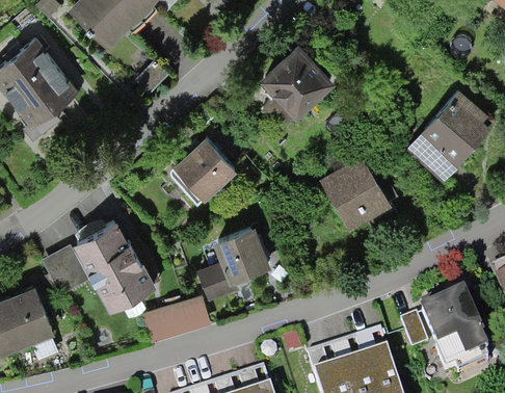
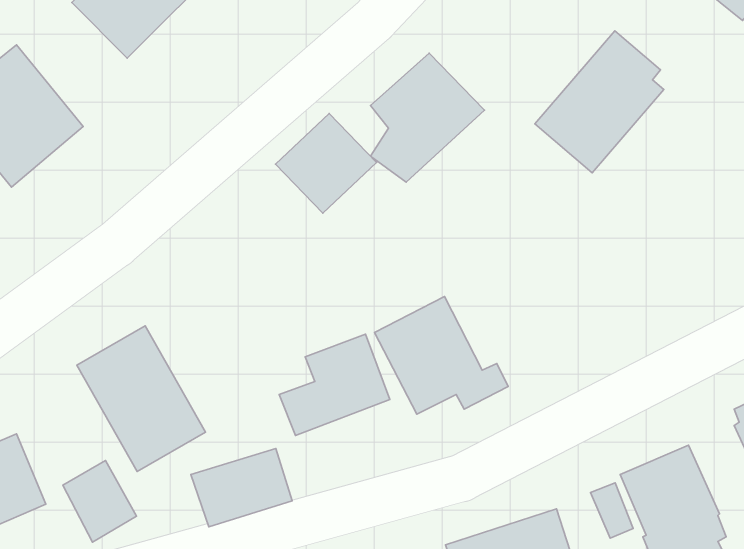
building: [407,97,489,187] -> [535,31,664,173]
building: [174,135,238,199] -> [275,113,377,213]
building: [322,159,407,234] -> [374,297,508,414]
building: [43,246,89,298] -> [63,461,136,542]

